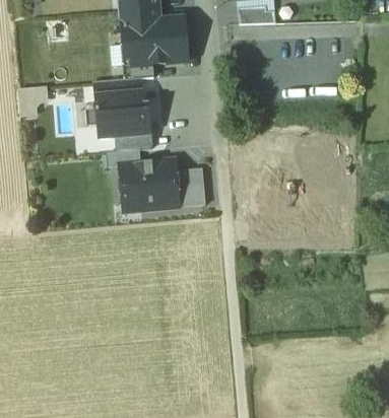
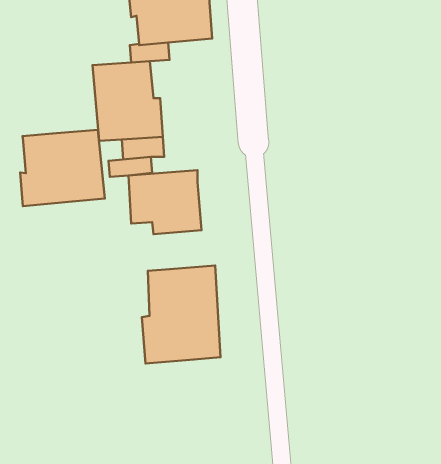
building: none -> [20,130,105,206]
building: [176,168,206,207] -> none
building: none -> [142,266,221,364]

